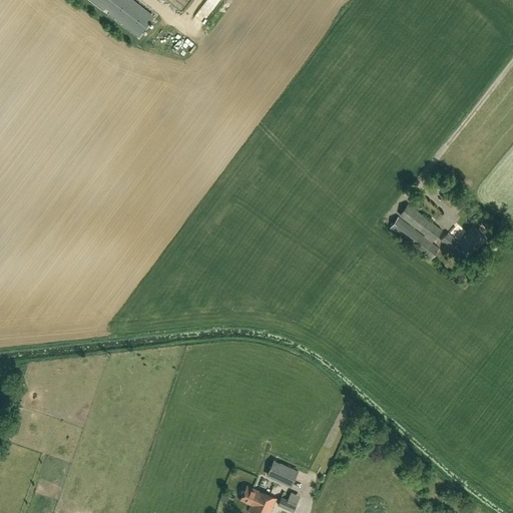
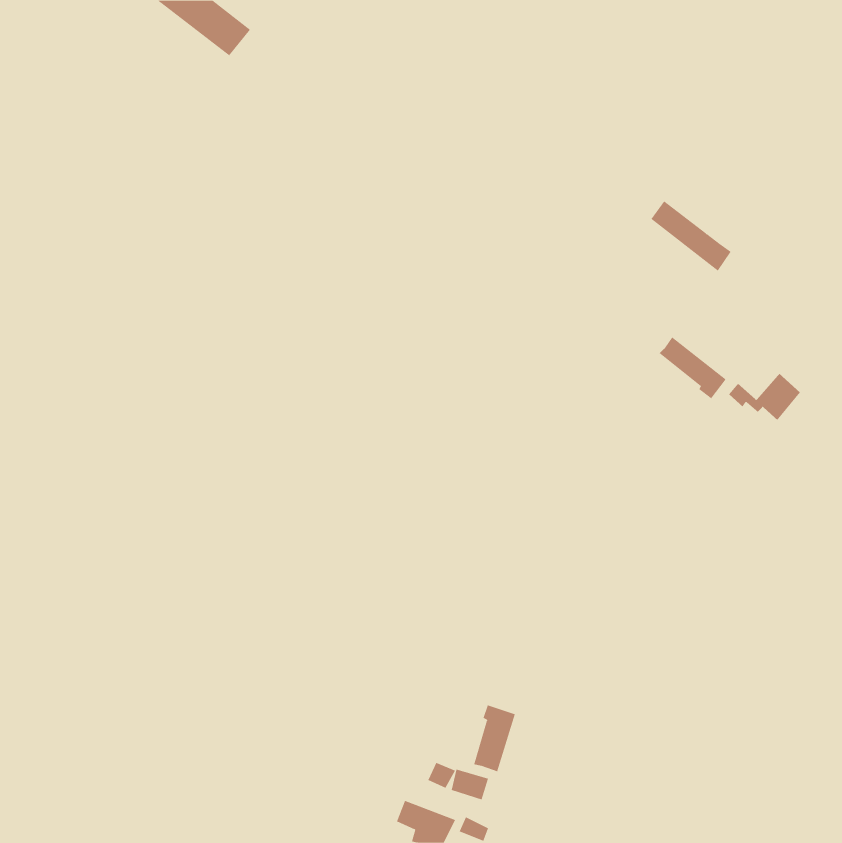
building: [391,216,440,260] -> [651,201,732,272]
building: none -> [473,705,516,772]

